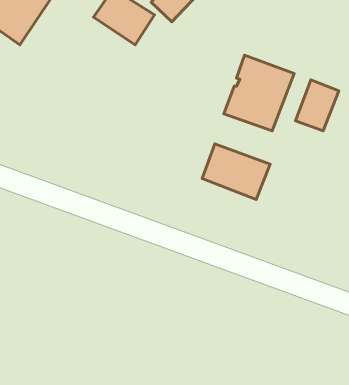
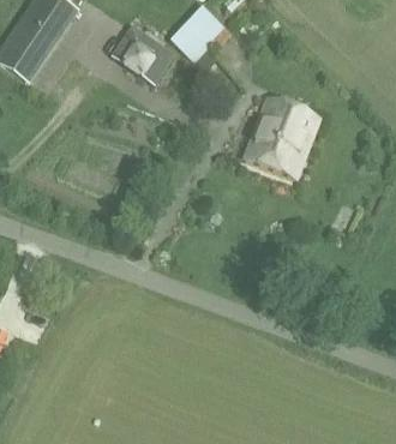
building: [295,80,339,131] -> none
building: [202,144,270,199] -> none

